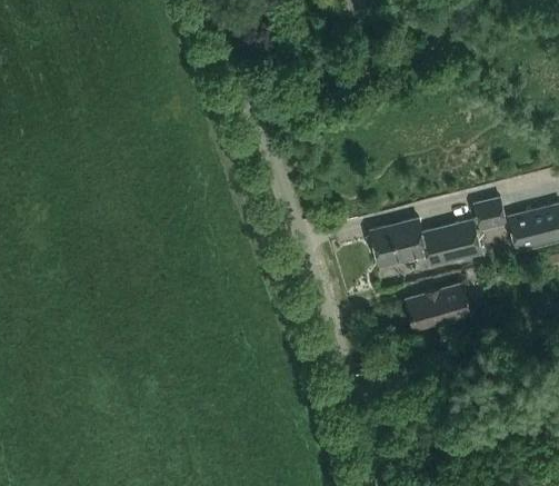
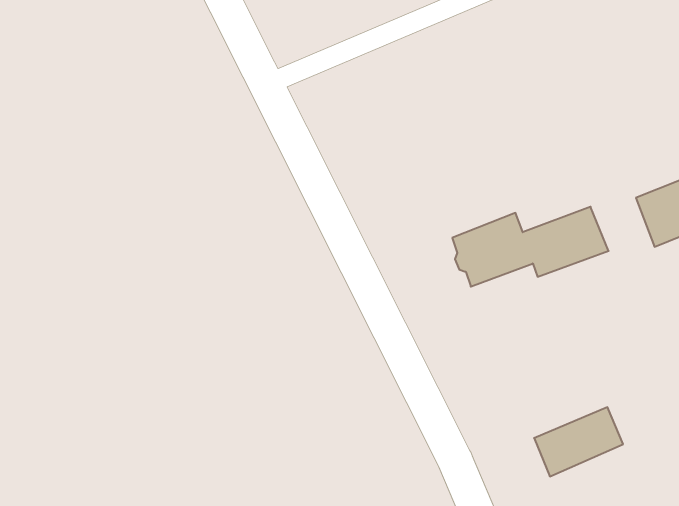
building: [473,198,508,232] -> none
building: [407,285,470,329] -> [534,407,623,476]

